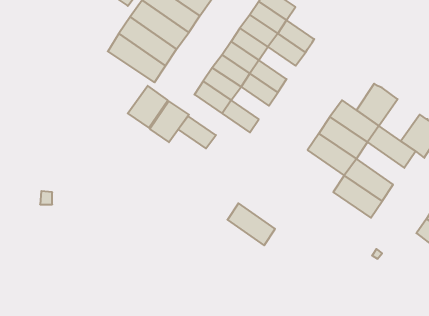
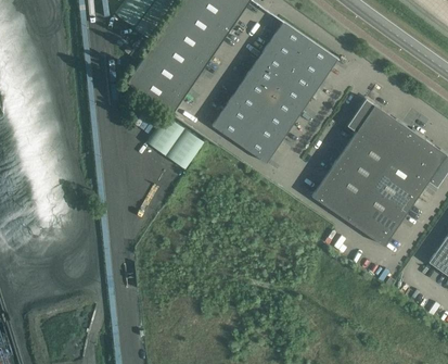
building: none -> [302,39,338,71]
building: none -> [274,78,310,110]
building: none -> [347,98,387,140]
building: none -> [392,129,432,171]
building: [178,116,216,148] -> [247,117,284,149]
building: none -> [370,172,417,213]
building: [227,203,275,245] -> [311,179,358,221]

